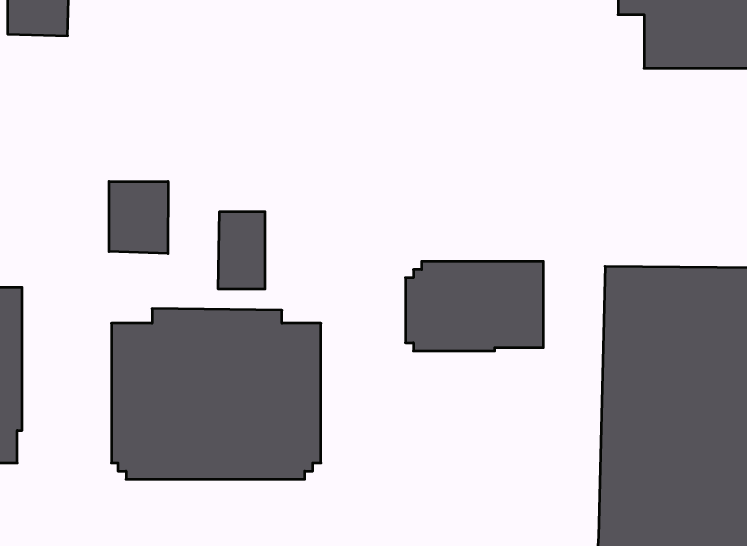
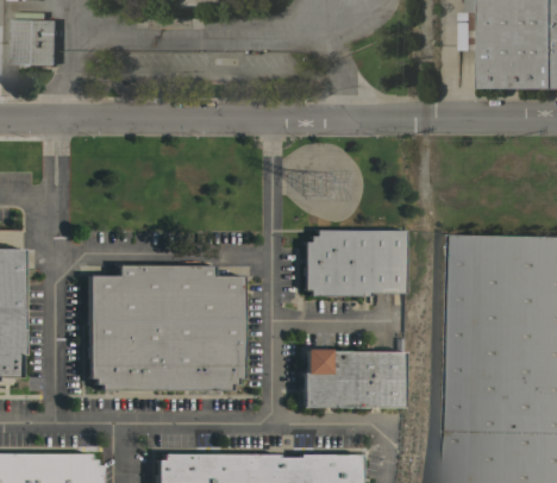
building: [109,181,168,254] -> none
building: [218,212,265,289] -> none
building: none -> [303,350,405,407]

